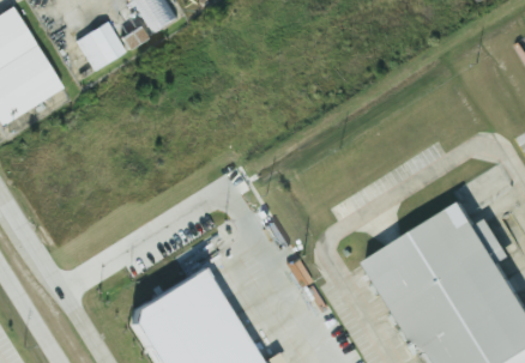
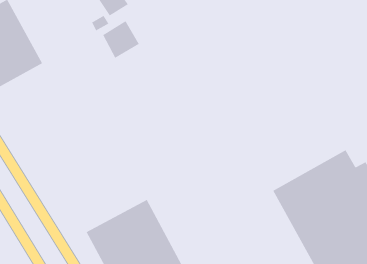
building: [82,22,131,72] -> [102,20,140,59]

